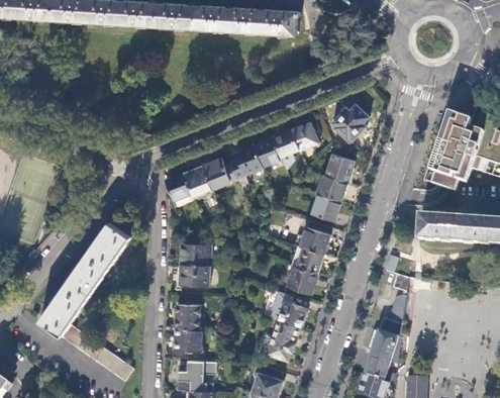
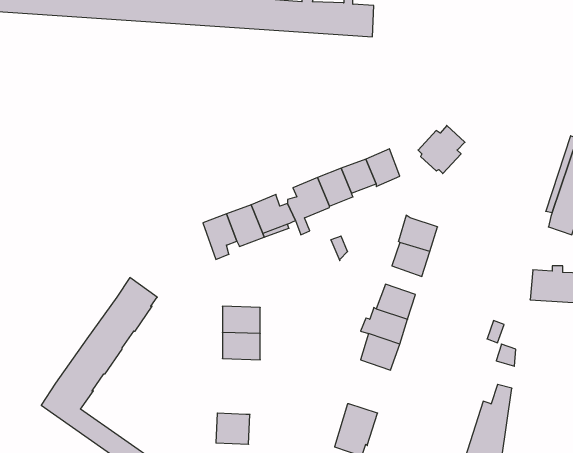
building: [325,154,354,183] -> none
building: [268,291,306,327] -> none
building: [176,305,198,328] -> none

